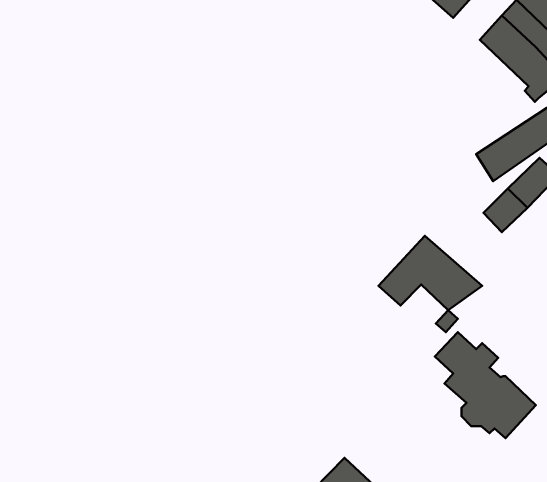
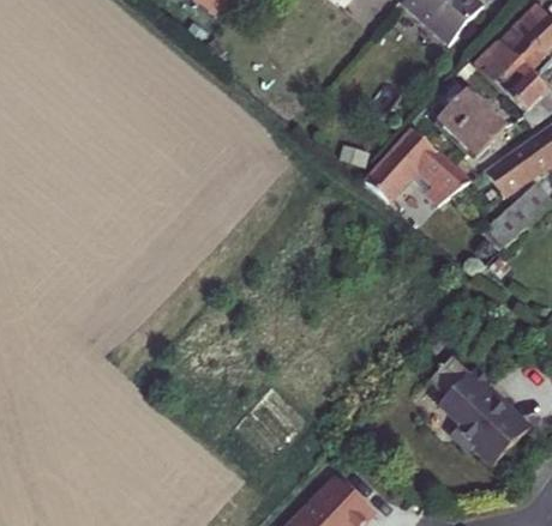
building: none -> [436,86,505,155]
building: [379,236,482,310] -> [367,129,469,202]

